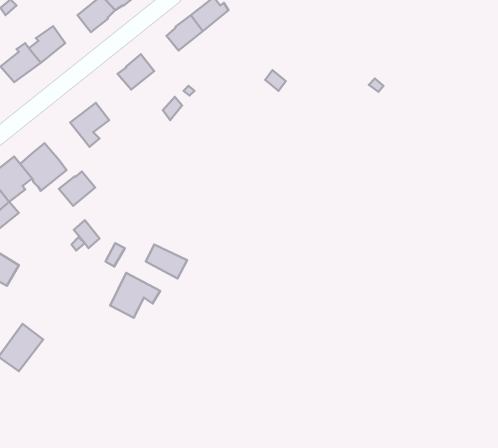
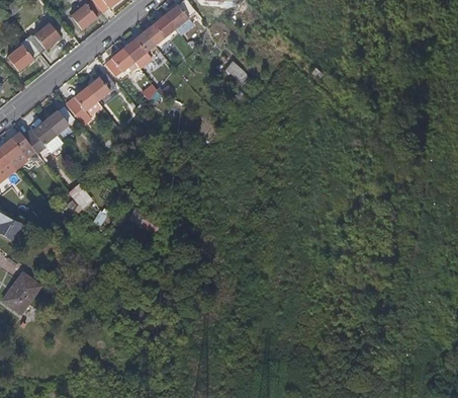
building: none -> [122,32,154,68]
building: none -> [85,74,114,102]
building: [59,172,95,206] -> [42,107,73,136]
building: [110,273,160,318] -> none

